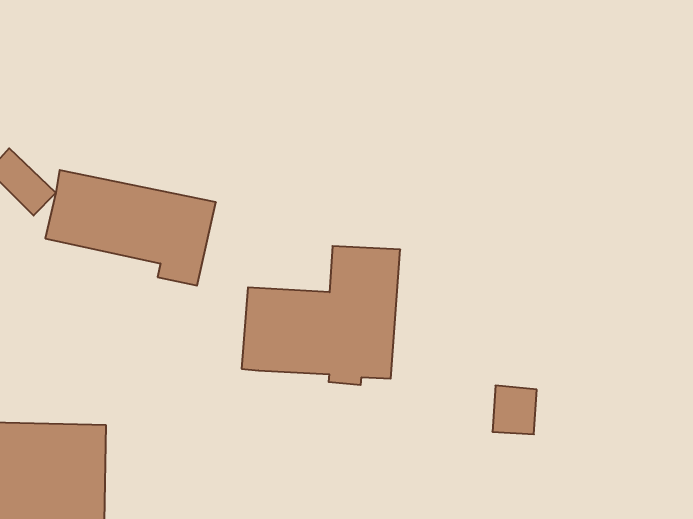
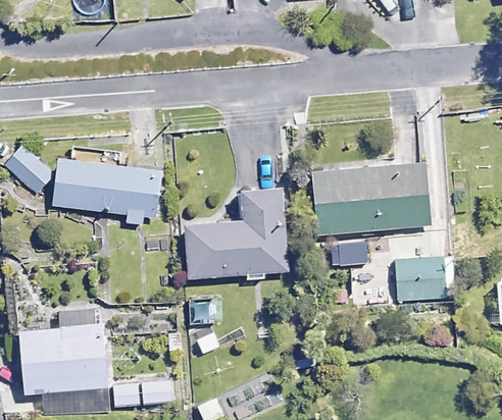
building: none -> [312,162,430,235]
building: none -> [398,258,448,303]

